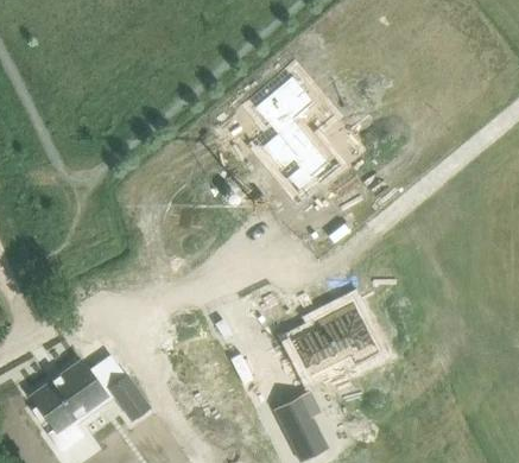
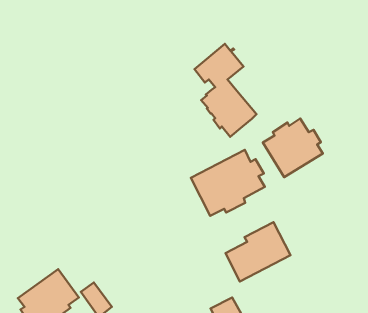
building: none -> [263,119,323,177]
building: none -> [191,150,265,216]

